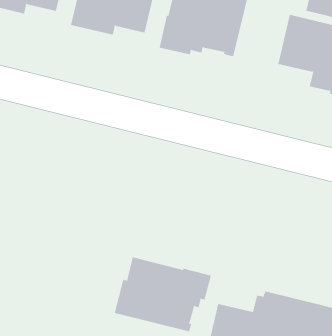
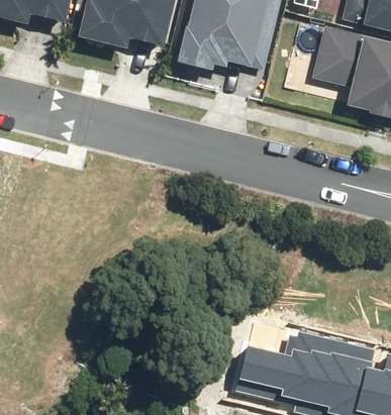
building: [114,257,211,332] -> none

